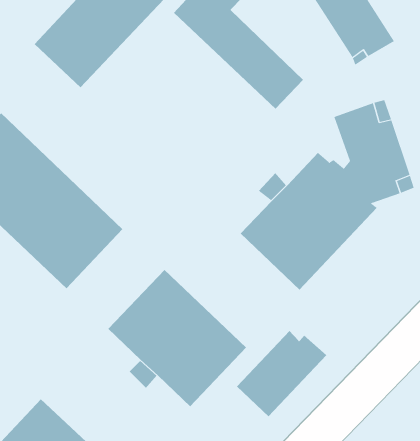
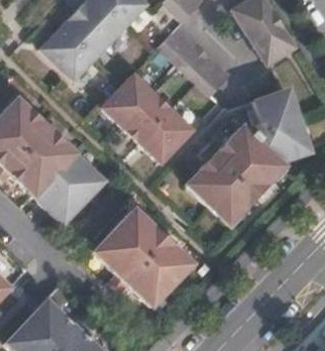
building: none -> [103,75,193,163]
building: [236,330,327,417] -> none

